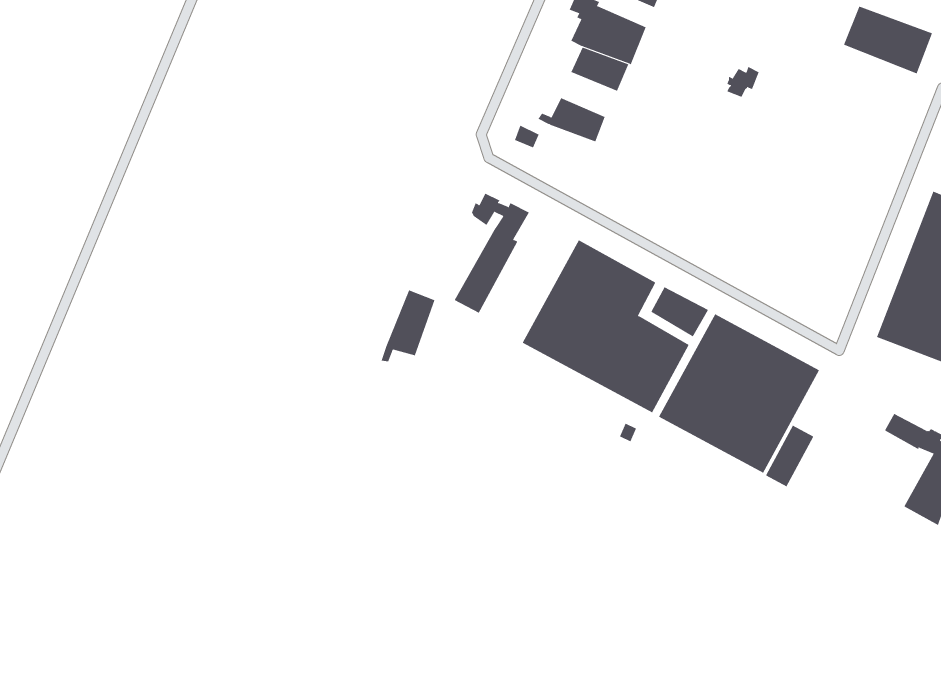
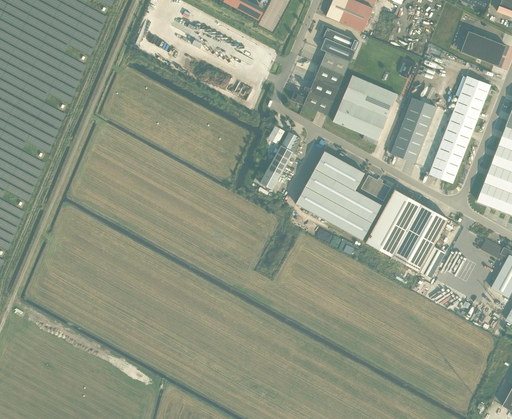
building: none -> [315,64,344,87]
building: none -> [333,74,397,144]
building: none -> [429,75,490,182]
building: none -> [303,91,333,114]
building: none -> [390,96,436,162]
building: [381,289,435,362] -> none

